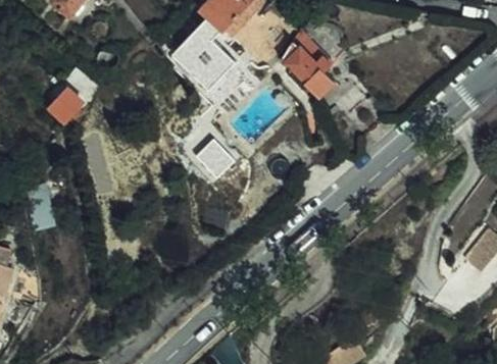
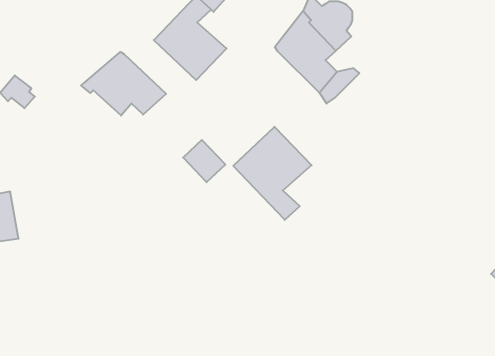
building: none -> [81,52,166,116]
building: none -> [233,127,312,220]

